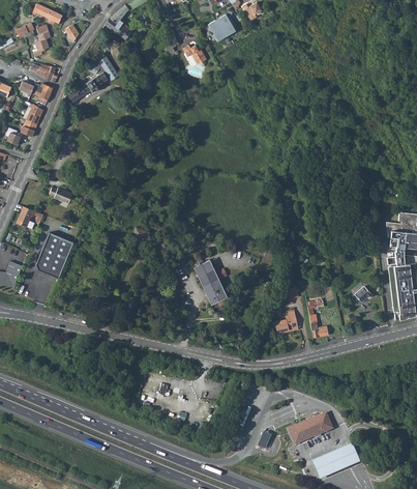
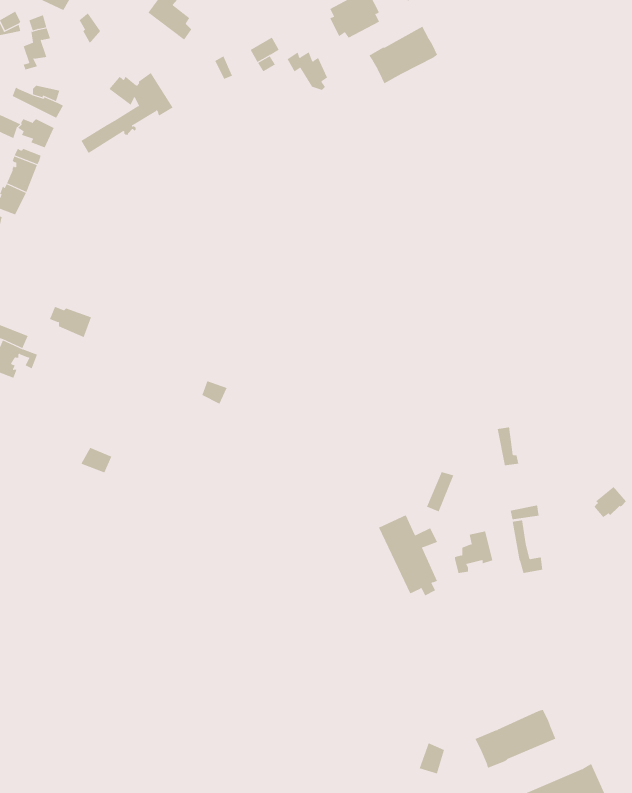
building: none -> [369,26,438,84]
building: [36,233,73,279] -> none
building: [192,261,226,307] -> [378,514,438,596]

